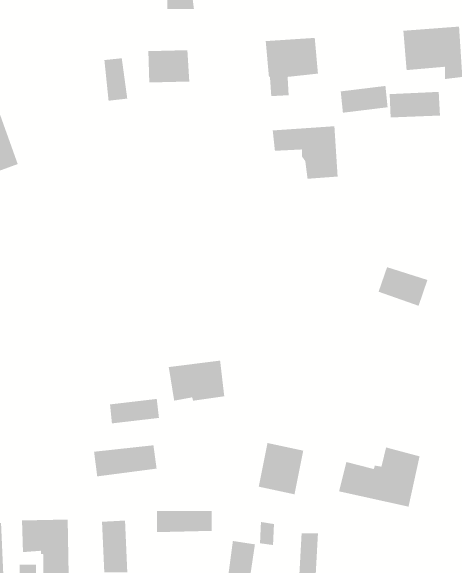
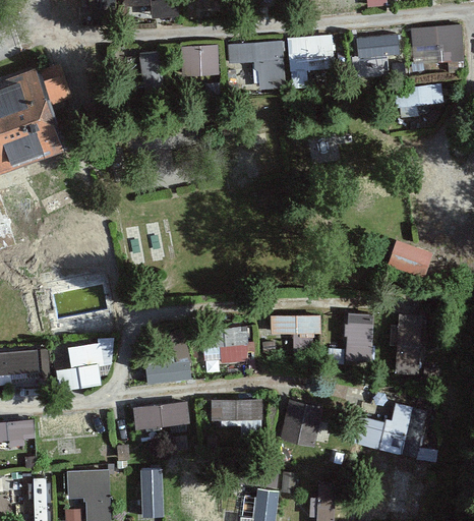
building: [340,85,389,113] -> [356,34,400,59]
building: [272,125,338,180] -> [228,41,288,90]
building: none -> [345,313,373,363]
building: none -> [271,314,321,350]
building: none -> [394,315,428,375]
building: none -> [57,343,104,392]
building: [156,510,213,533] -> [212,400,262,420]

